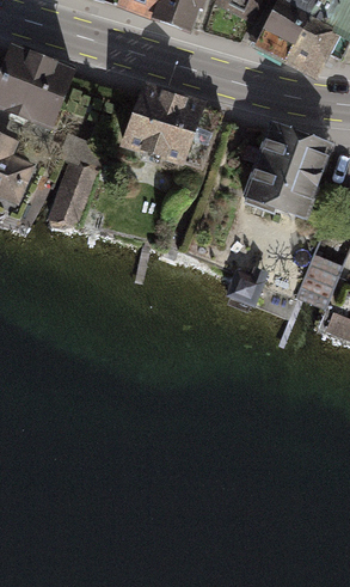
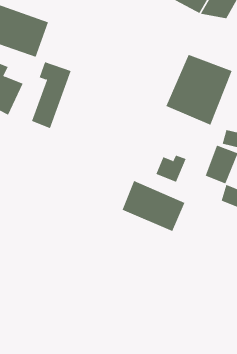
building: [119,82,222,172] -> none
building: none -> [122,180,185,232]

